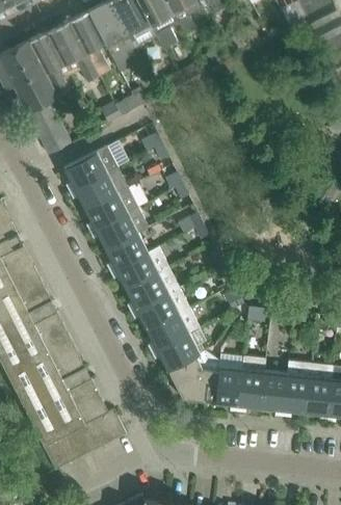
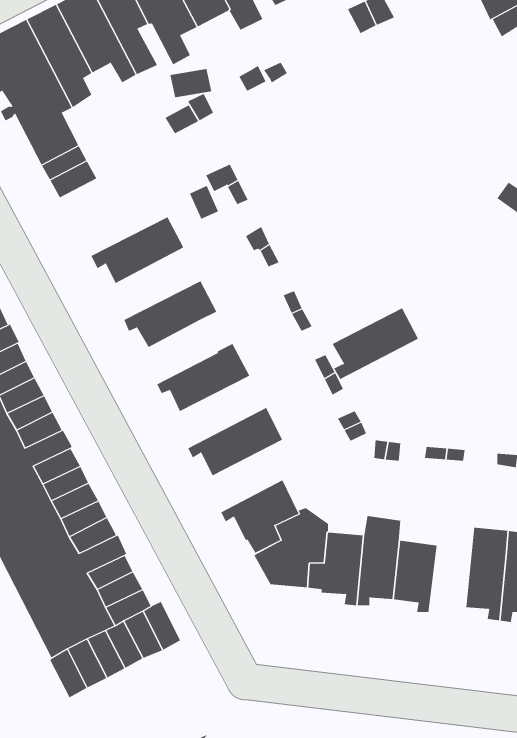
building: [63,145,117,191] -> none
building: [84,186,138,232] -> none
building: [105,232,149,272] -> none
building: [125,267,180,313] -> [332,308,419,380]
building: [146,308,200,353] -> none
building: [283,361,311,418] -> none

